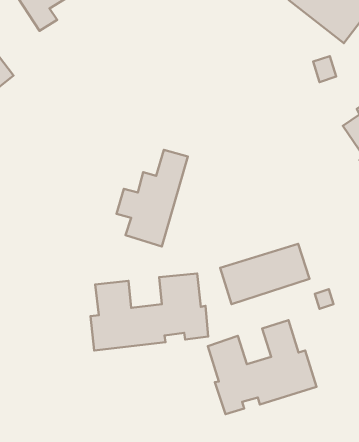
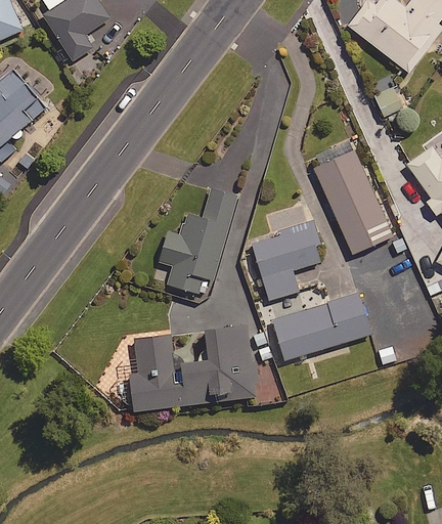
building: none -> [313,150,392,254]
building: none -> [250,222,320,300]
building: [208,320,317,414] -> none

